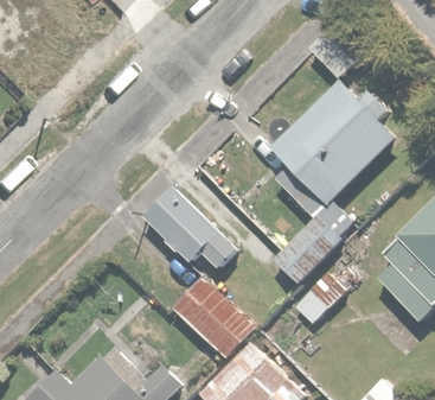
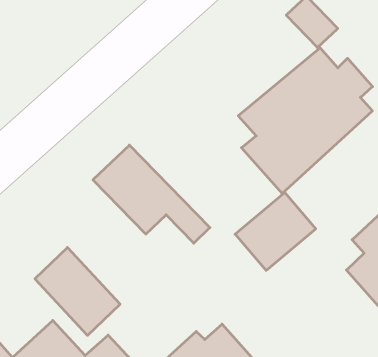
building: [174,278,255,358] -> [35,247,120,335]

